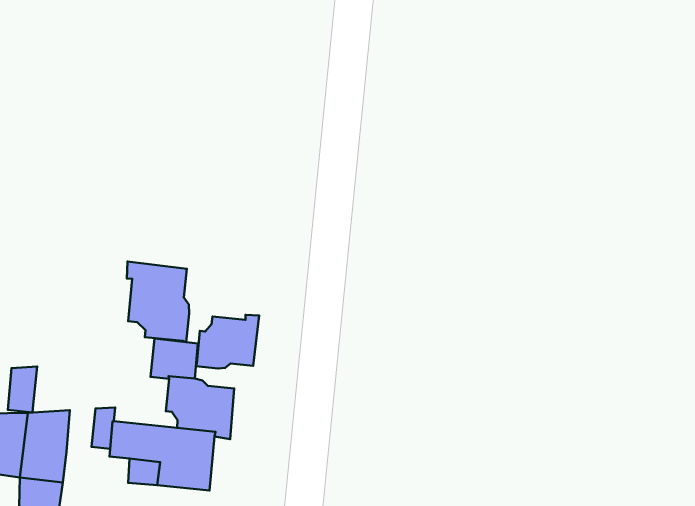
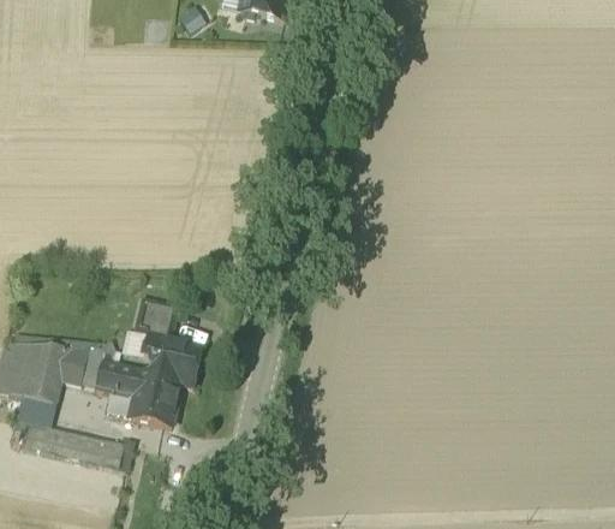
building: [127,261,189,342] -> none
building: [196,315,259,368] -> none
building: [8,366,37,413] -> [59,346,86,384]

